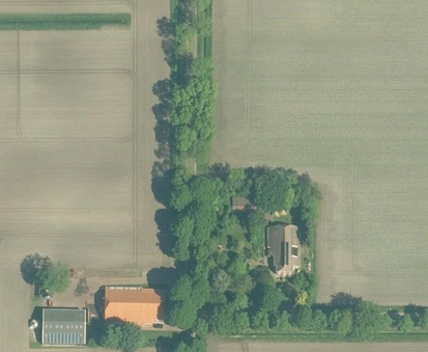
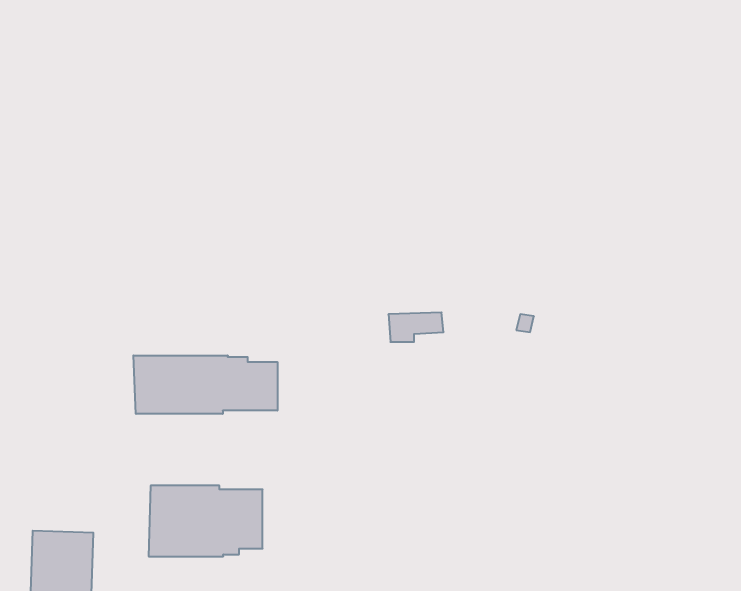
building: none -> [133,355,277,414]
building: [267,225,301,272] -> none

